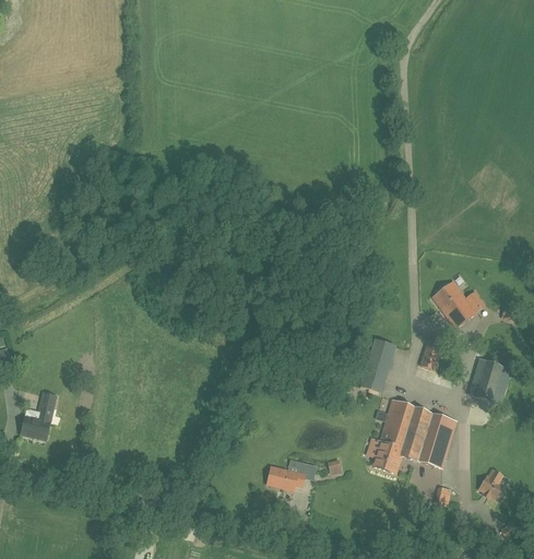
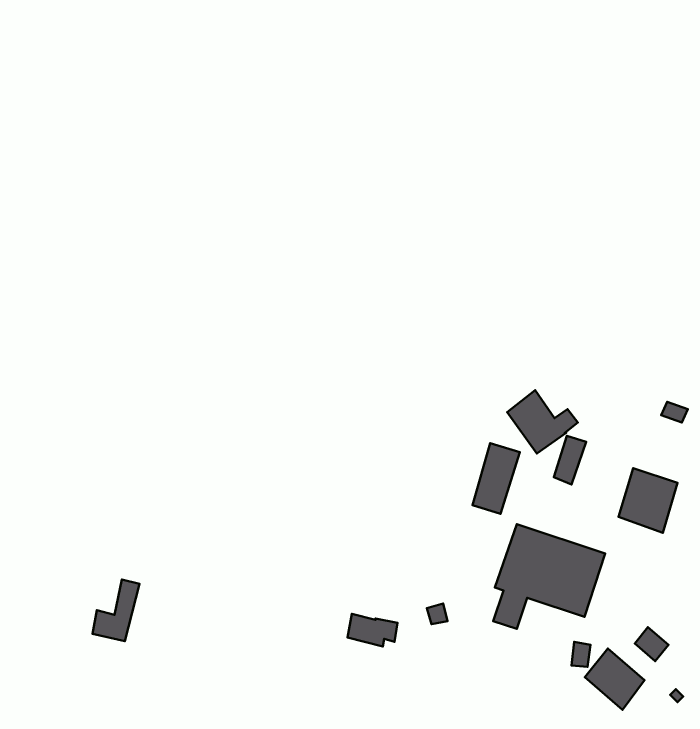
building: [432,280,485,326] -> [507,390,578,453]
building: [21,392,56,438] -> [92,579,139,641]
building: none -> [585,649,645,710]

